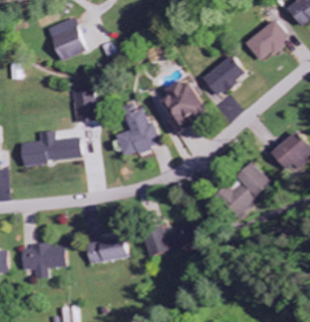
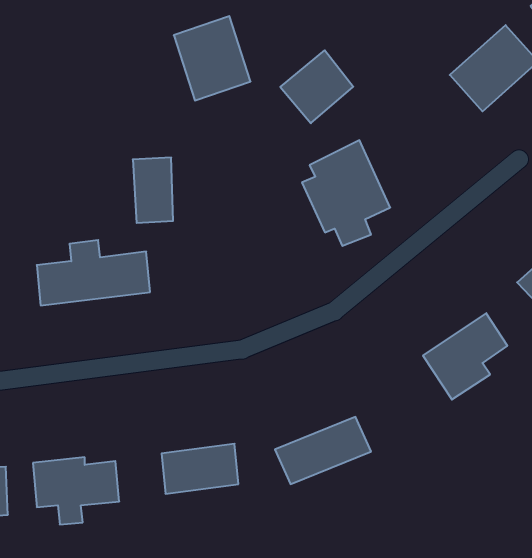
building: [45,17,85,61] -> [174,16,251,101]
building: [202,55,240,93] -> [280,50,353,123]
building: [115,109,159,157] -> none

